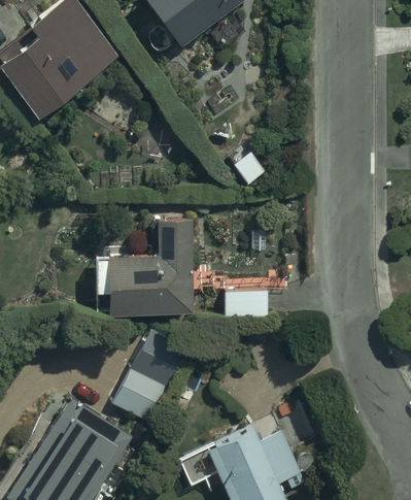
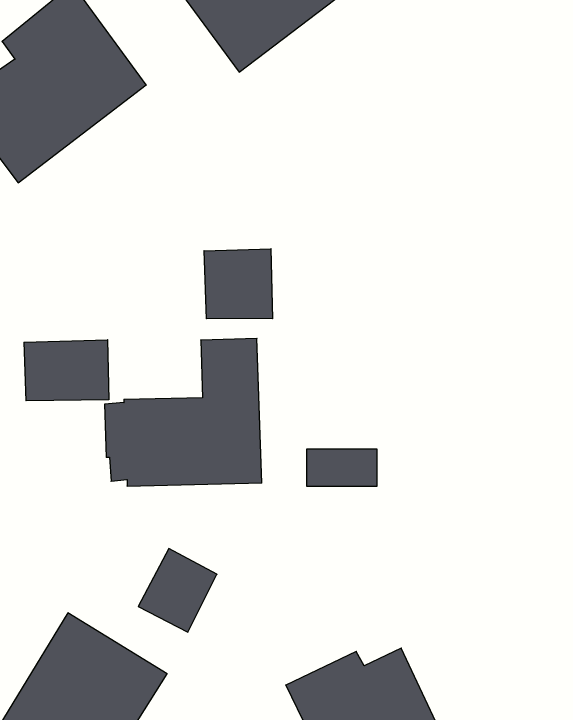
building: none -> [204,249,273,319]
building: none -> [24,340,109,401]

